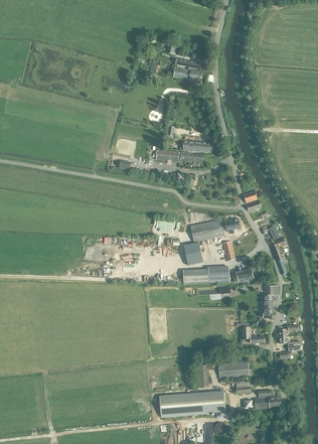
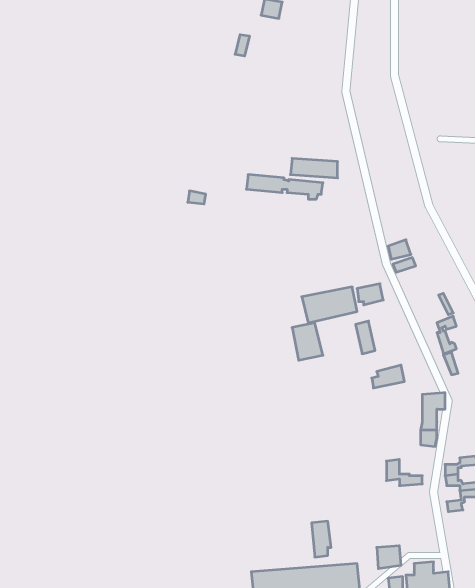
building: [173,57,202,82] -> none
building: [182,267,228,284] -> none
building: [217,360,249,379] -> none

